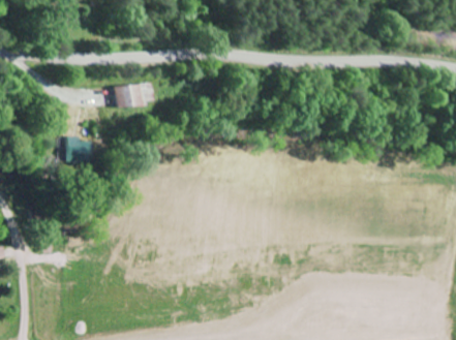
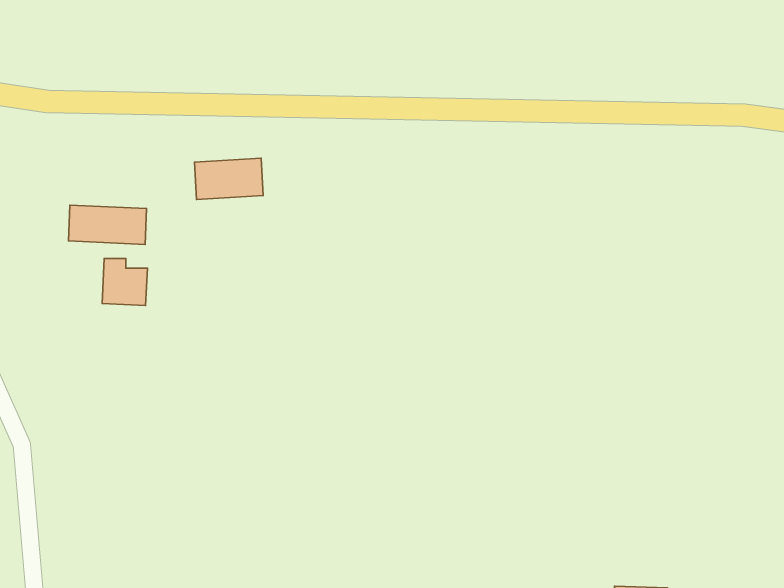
building: none -> [68,205,147,244]

